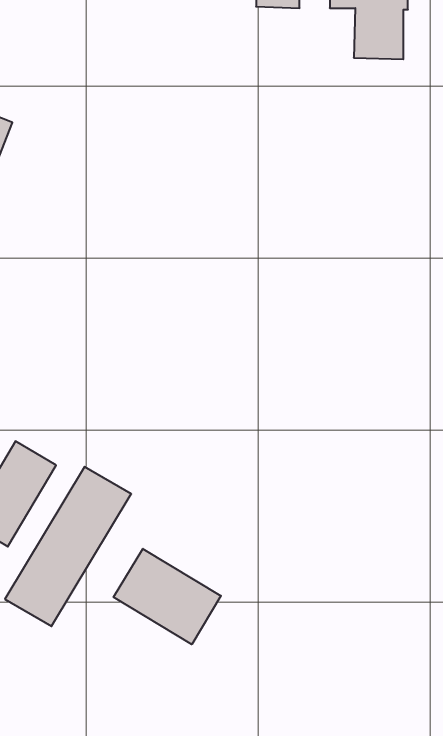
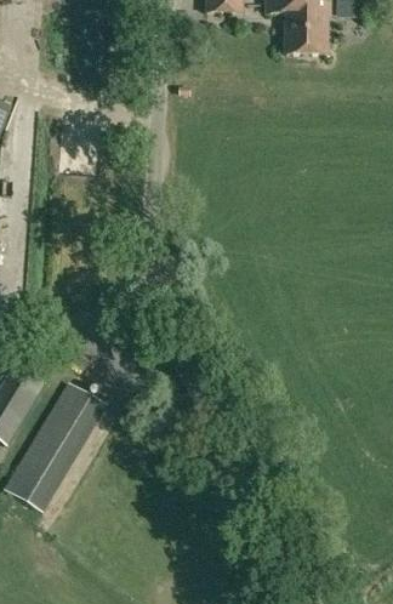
building: [114,549,221,644] -> none

